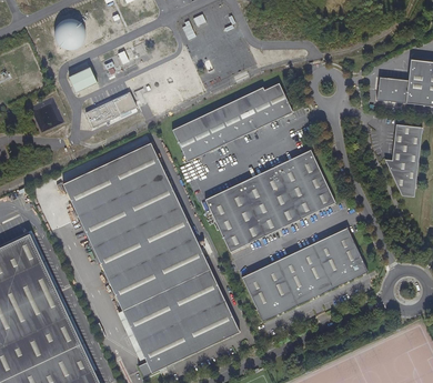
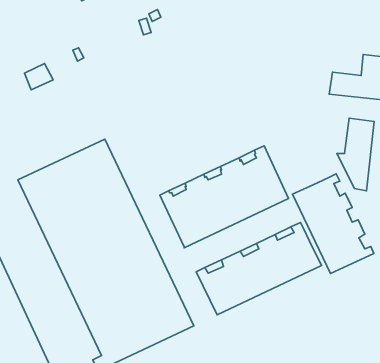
building: [54,20,83,49] -> none
building: [171,83,292,162] -> none
building: [84,93,135,129] -> none
building: none -> [293,174,374,274]

